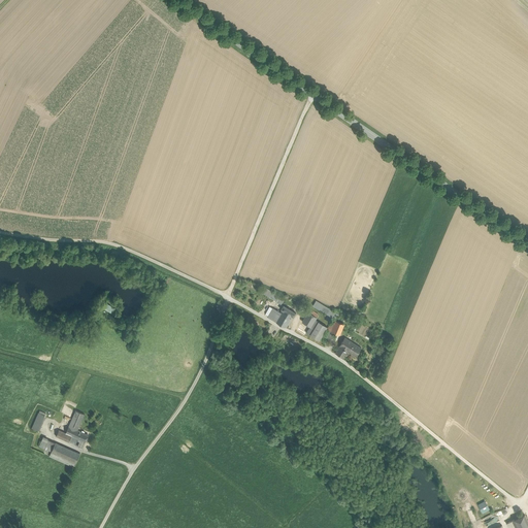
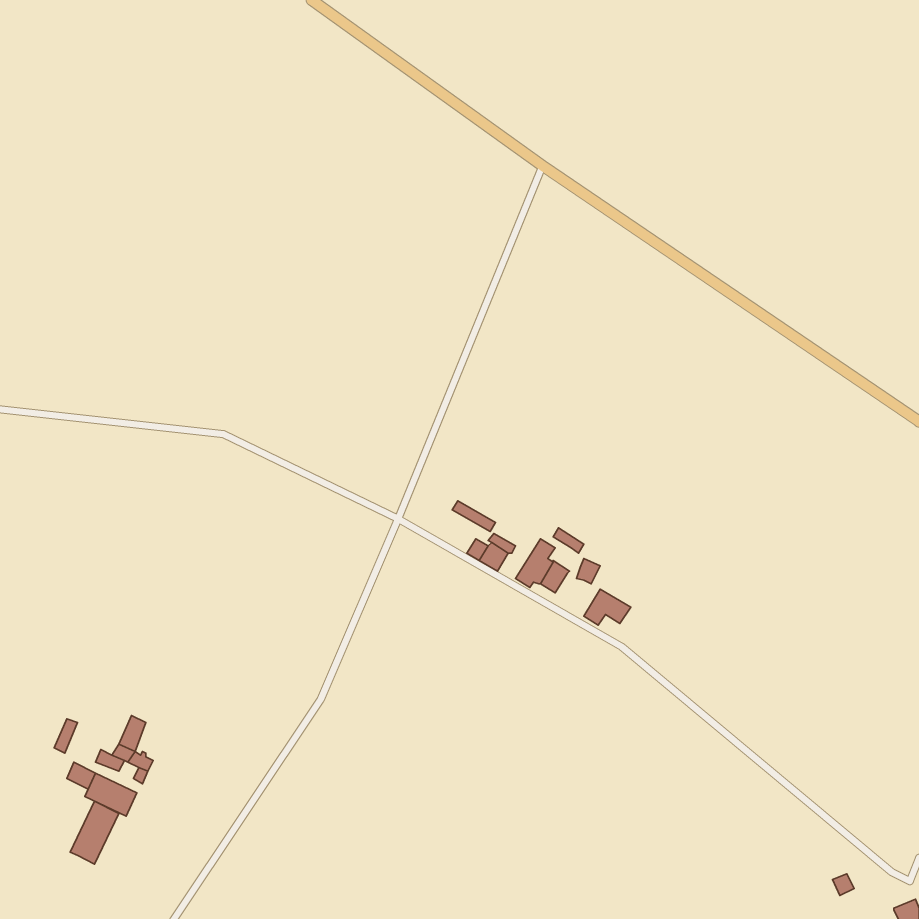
building: none -> [70,801,119,864]

